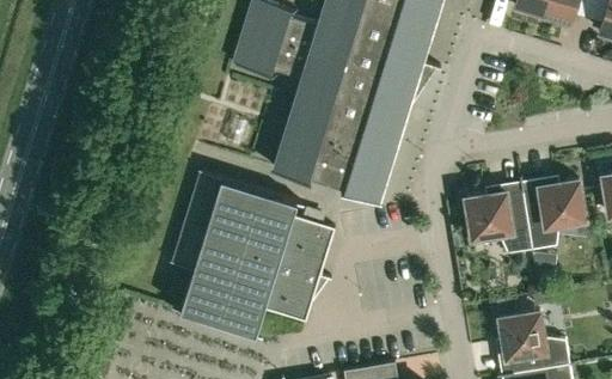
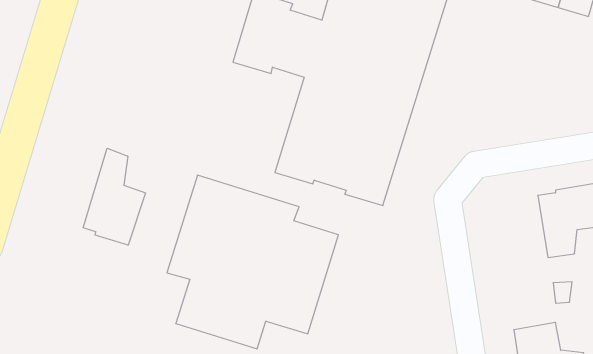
building: none -> [83,148,145,245]
building: [465,192,531,256] -> none

